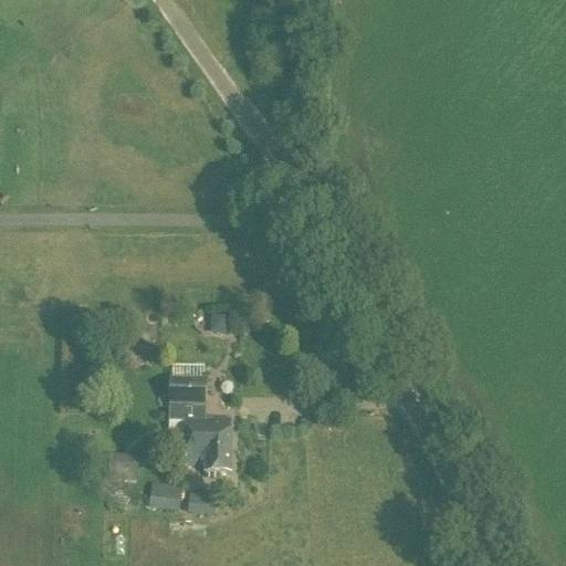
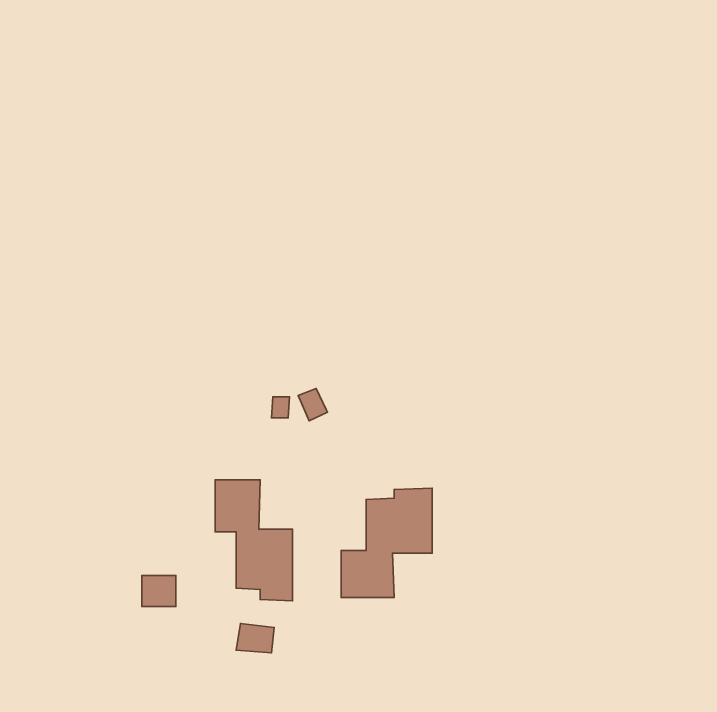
building: none -> [341,488,432,598]
building: [148,480,181,509] -> none

